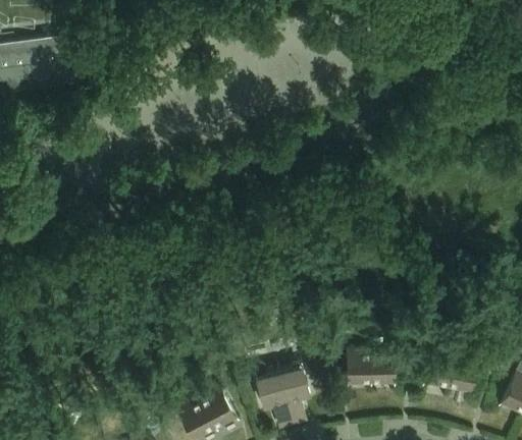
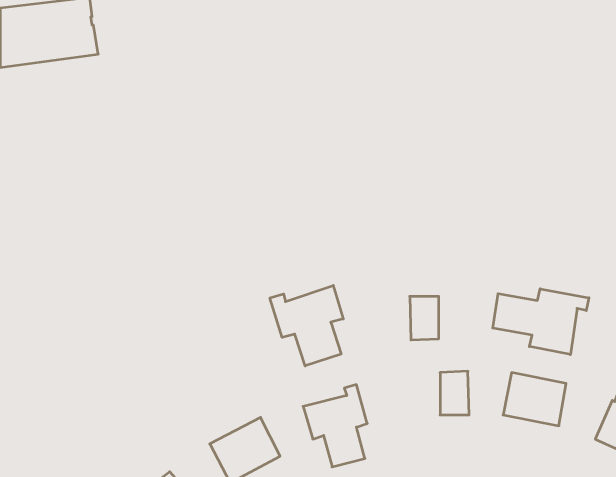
building: none -> [270,285,343,366]
building: none -> [493,289,589,355]
building: [346,349,370,386] -> [410,296,439,340]

